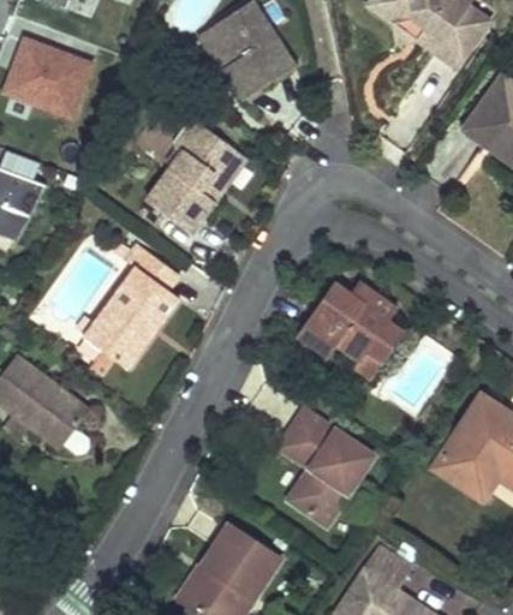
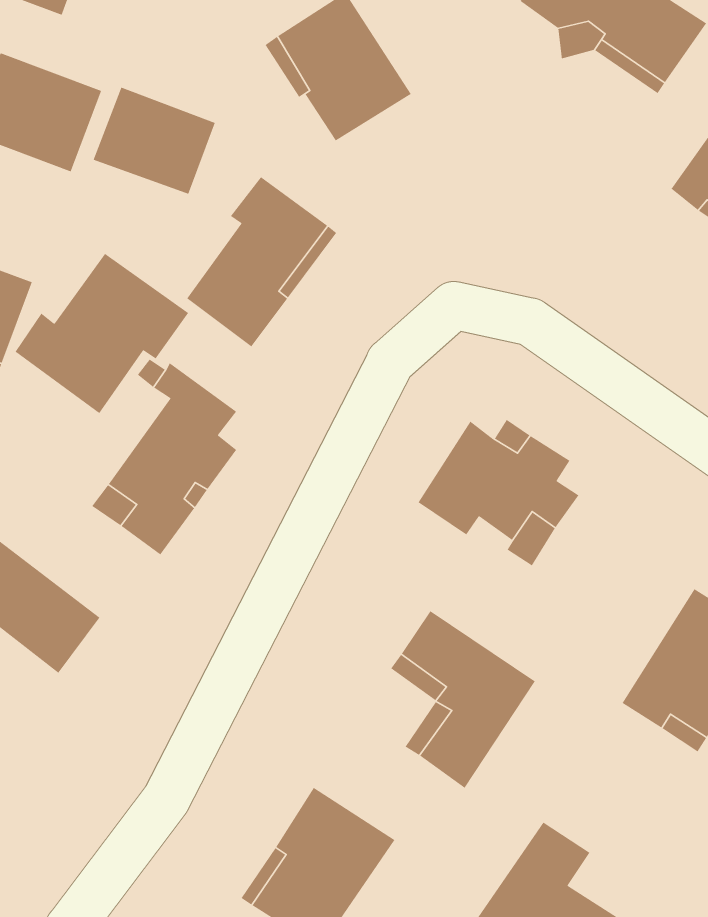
building: none -> [92,86,216,195]
building: none -> [15,253,189,414]

